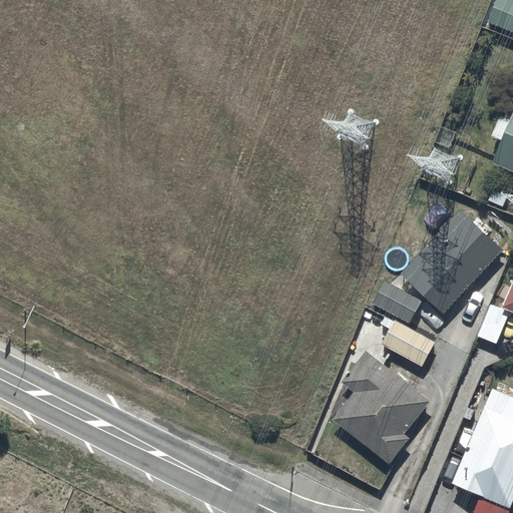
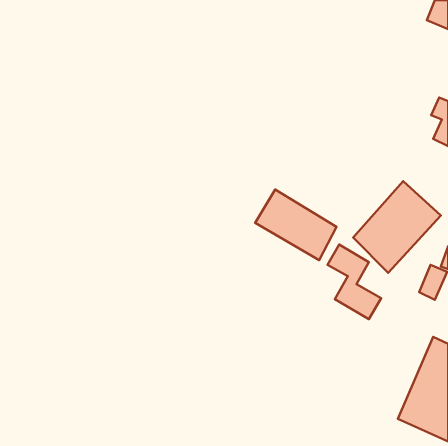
building: none -> [255,189,337,260]
building: [334,351,430,464] -> none

